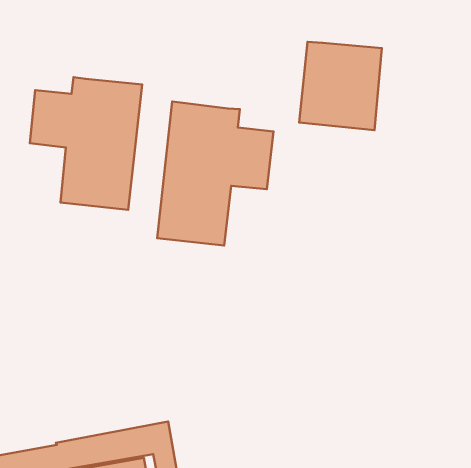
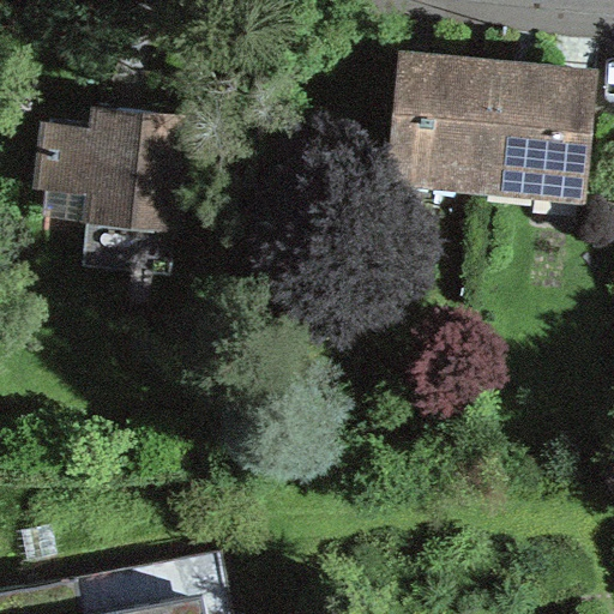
building: none -> [483,71,590,185]
building: [157,102,273,245] -> none

